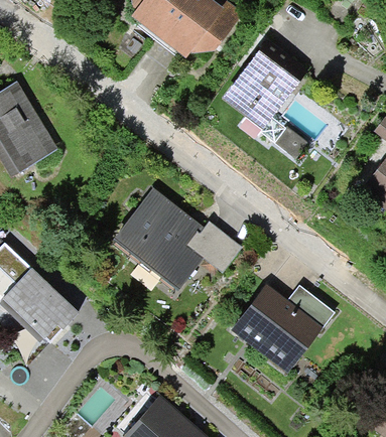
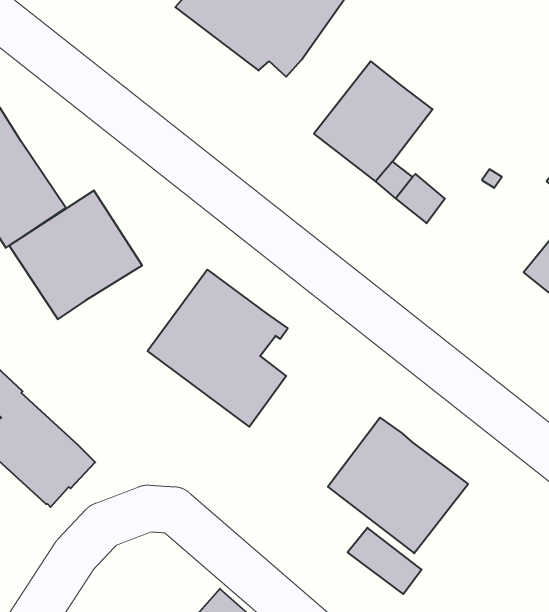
building: none -> [9,190,142,319]
building: [186,222,242,272] -> none
building: [286,285,335,328] -> [348,528,422,594]

